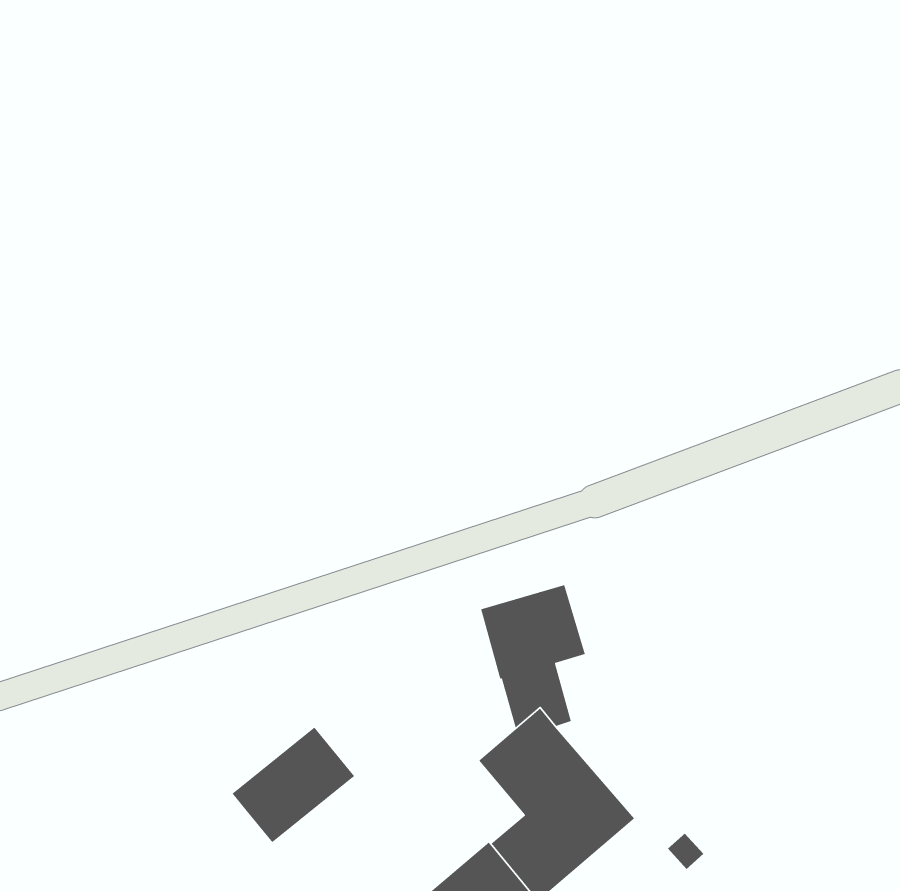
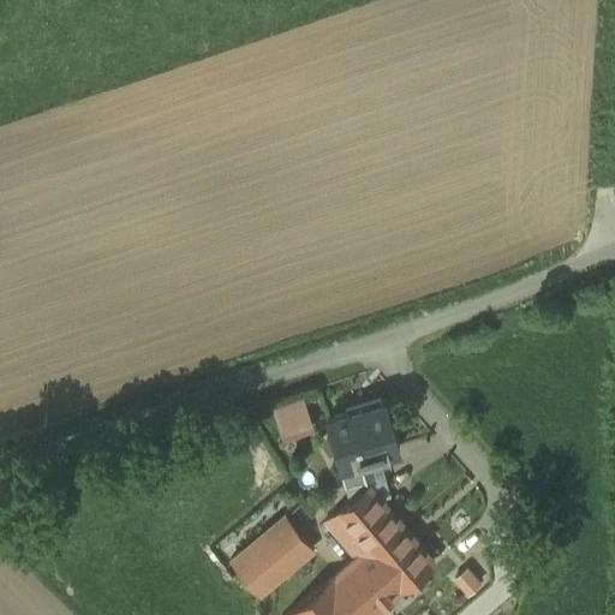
building: none -> [270,399,312,443]
building: [232,727,355,843] -> [229,519,314,598]

